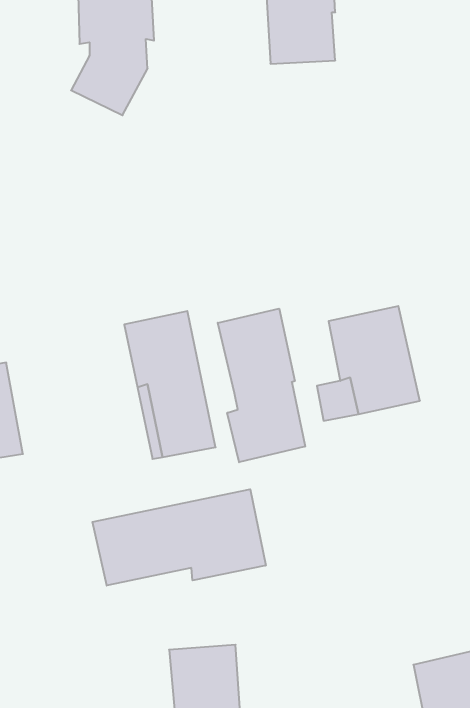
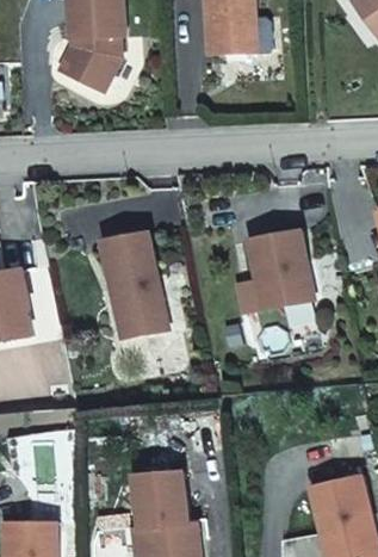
building: [218,309,305,462] -> none
building: [92,489,266,586] -> none

